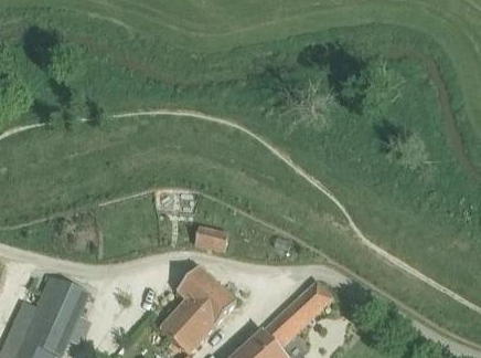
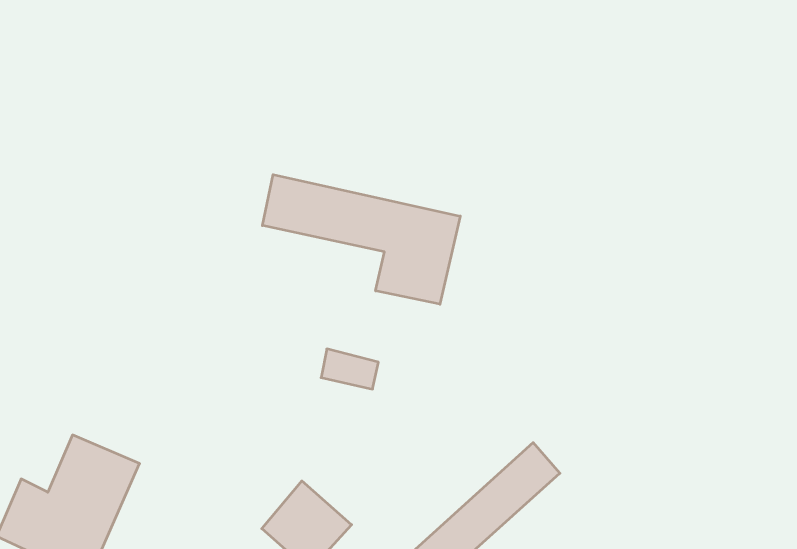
building: none -> [262,175,460,304]
building: [177,265,235,327] -> none

